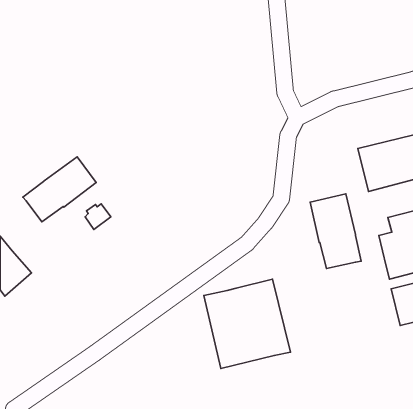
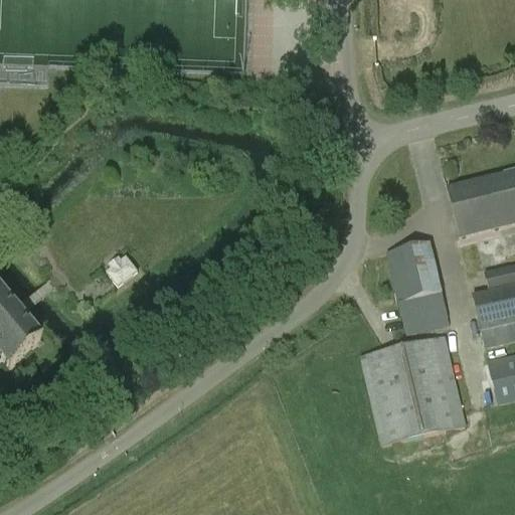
building: [23,157,96,222] -> none
building: [204,279,290,368] -> [359,334,467,445]

